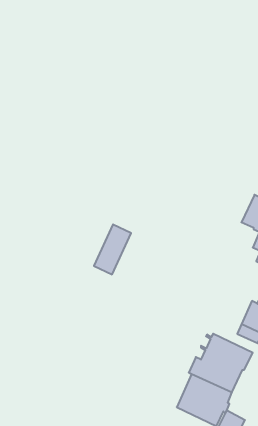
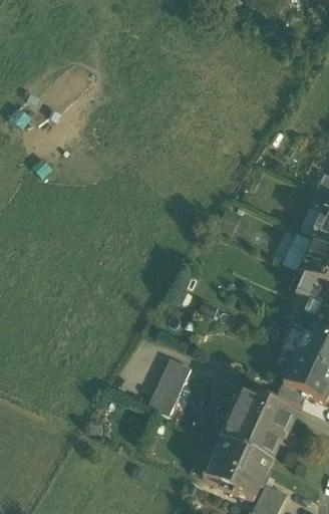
building: [94,224,131,274] -> [148,353,192,412]

